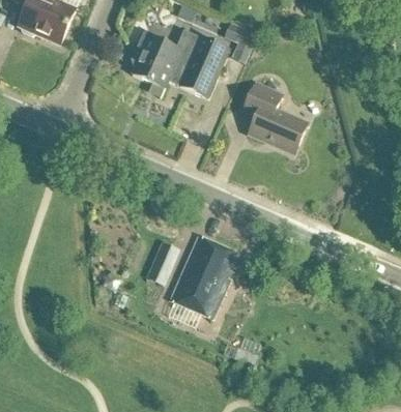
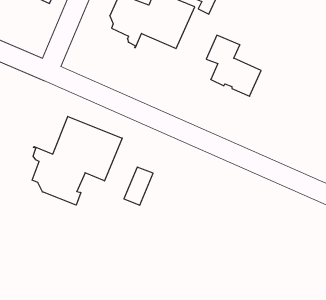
building: none -> [32,116,122,205]
building: [169,235,236,318] -> none

